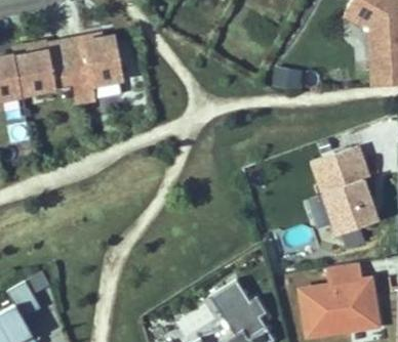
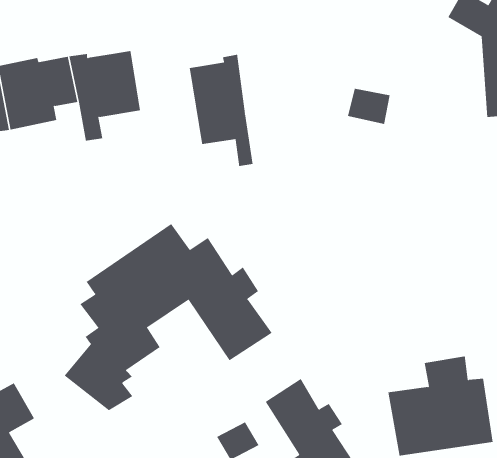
building: none -> [189,54,253,167]
building: [312,145,376,233] -> none
building: none -> [64,223,272,411]

